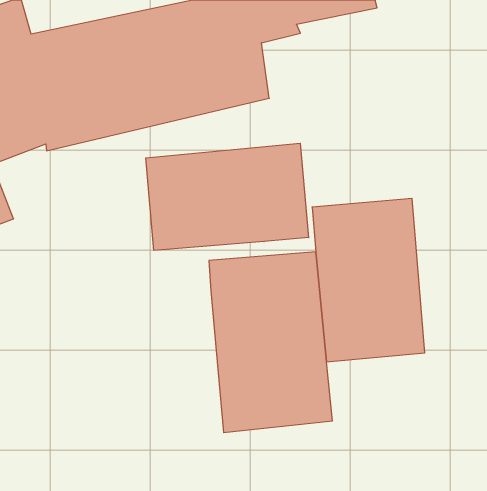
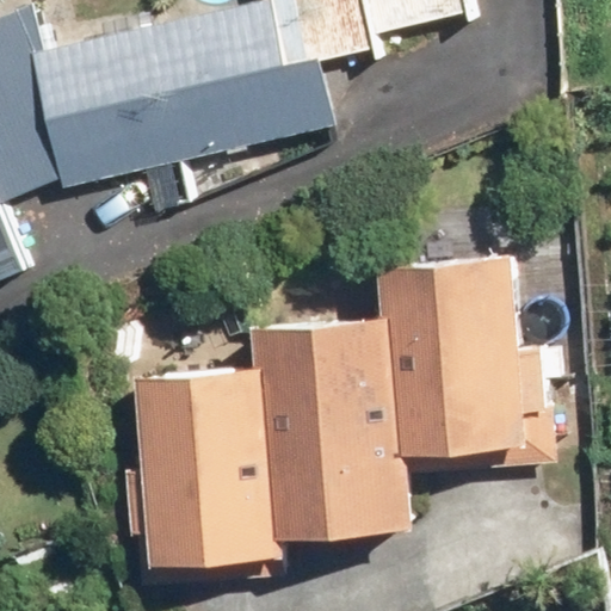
building: [146,143,309,250] -> none
building: none -> [136,364,276,566]

